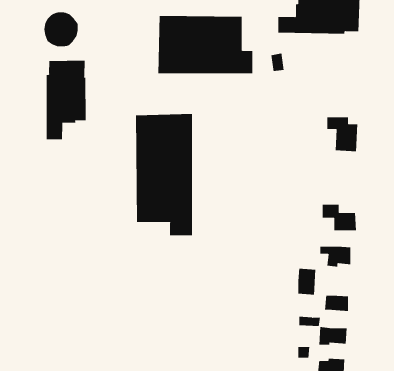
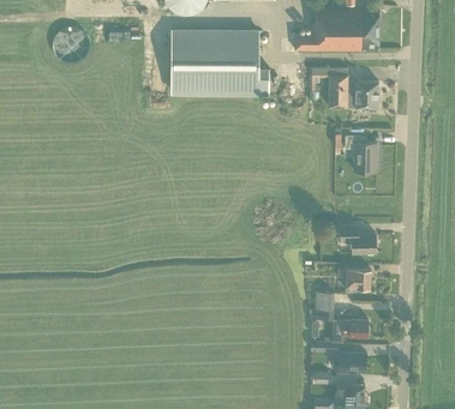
building: none -> [328,73,378,106]
building: [46,60,86,140] -> none
building: [135,113,192,236] -> none

